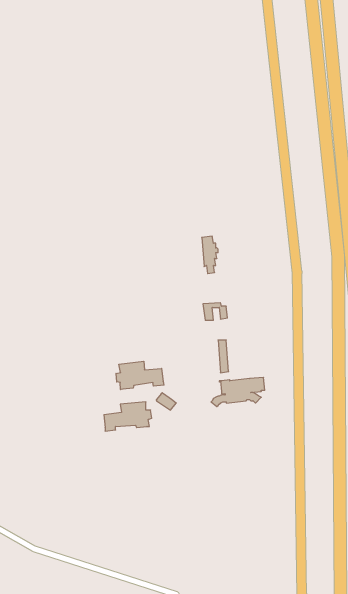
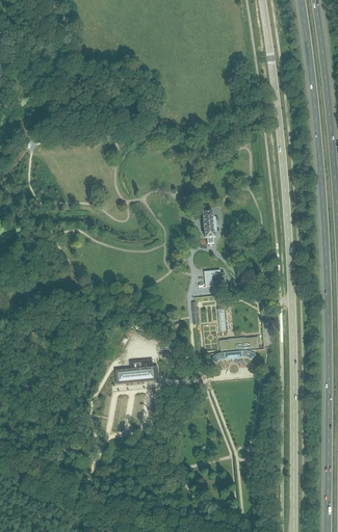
building: [116,361,164,390] -> none

